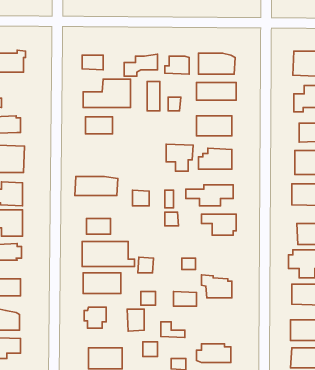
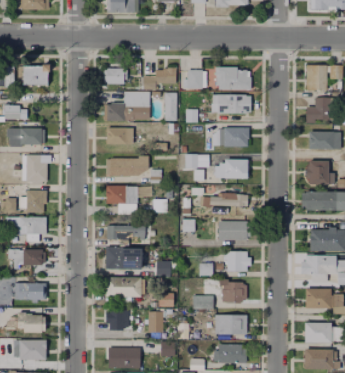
building: none -> [106,155,165,184]
building: none -> [227,252,248,271]
building: none -> [215,315,246,334]

